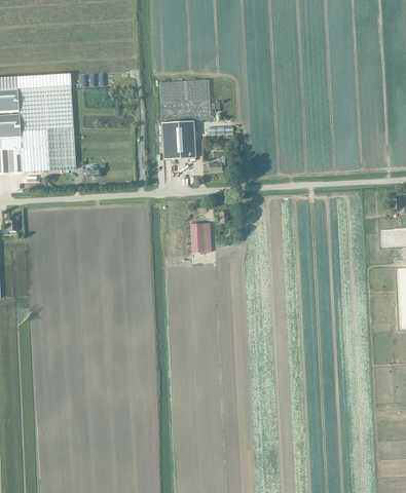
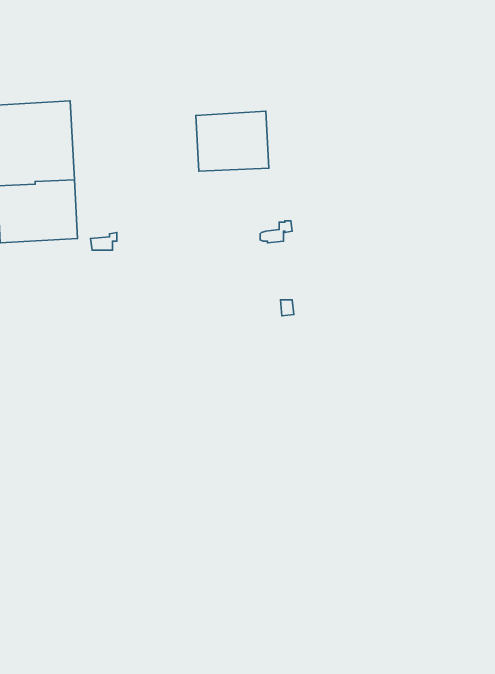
building: [161,120,195,159] -> none
building: [190,223,211,253] -> none

